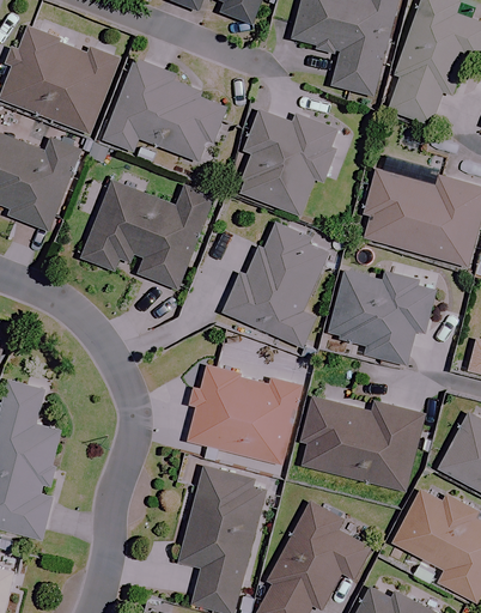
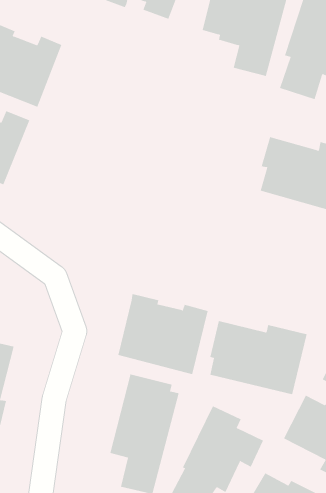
building: [102,59,229,162] -> none
building: [238,114,334,216] -> none
building: [80,181,214,290] -> none
building: [220,219,328,347] -> none
building: [328,269,434,365] -> none

